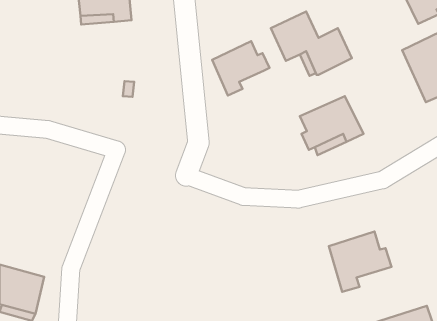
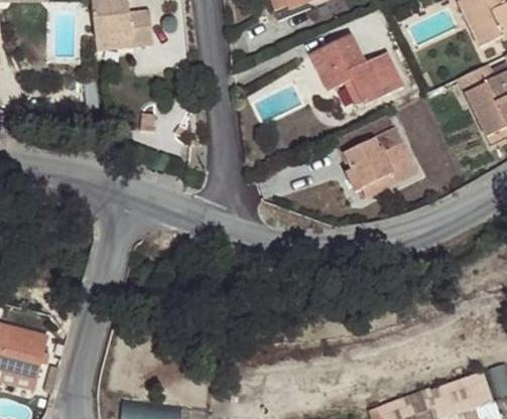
building: [212,41,269,96] -> none
building: [329,232,391,292] -> none

